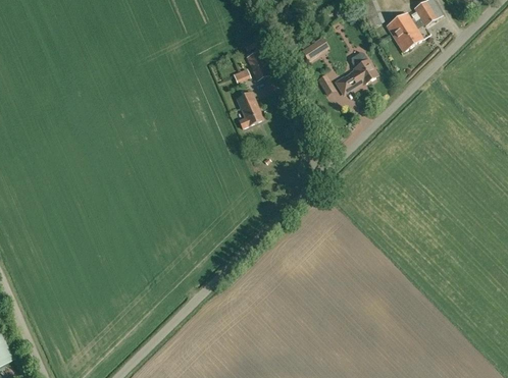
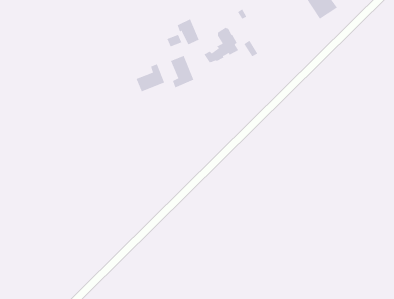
building: [336,51,375,94] -> [203,27,239,66]
building: none -> [136,63,165,92]

